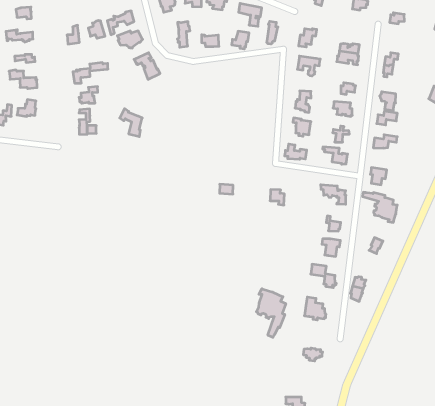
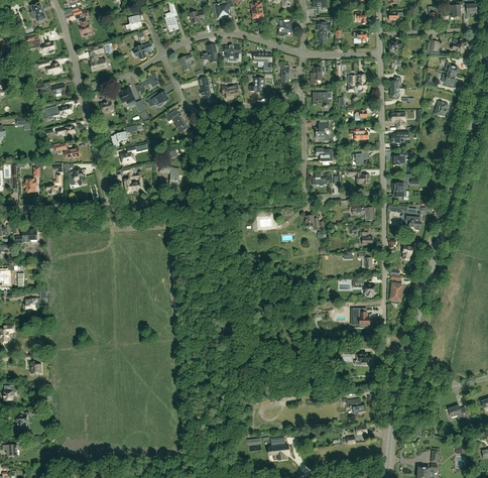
building: [256,289,286,337] -> none

